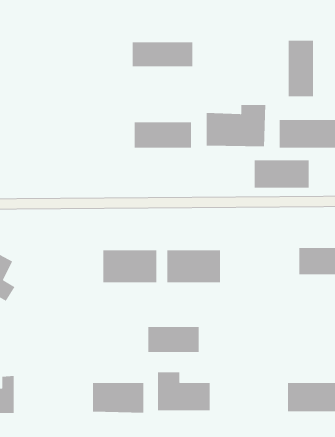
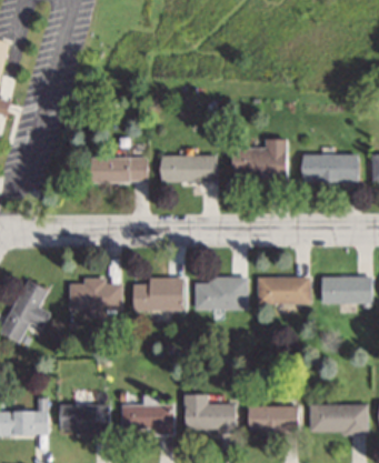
building: [288,40,314,97] -> none
building: [132,42,193,67] -> [89,158,148,182]
building: [254,159,310,188] -> [256,278,309,305]
building: none -> [68,281,120,311]
building: [147,326,200,353] -> [249,407,299,433]
building: none -> [59,405,109,434]

